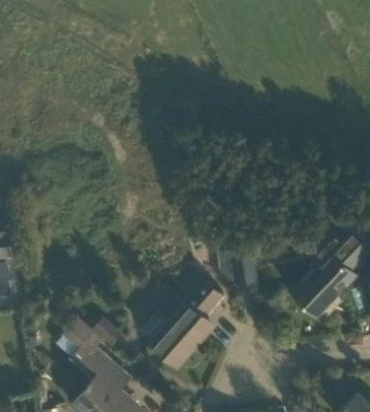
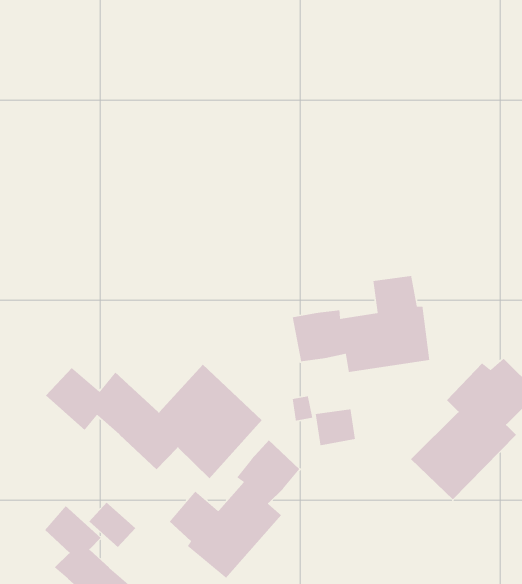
building: none -> [292,275,430,373]
building: none -> [45,364,262,479]

